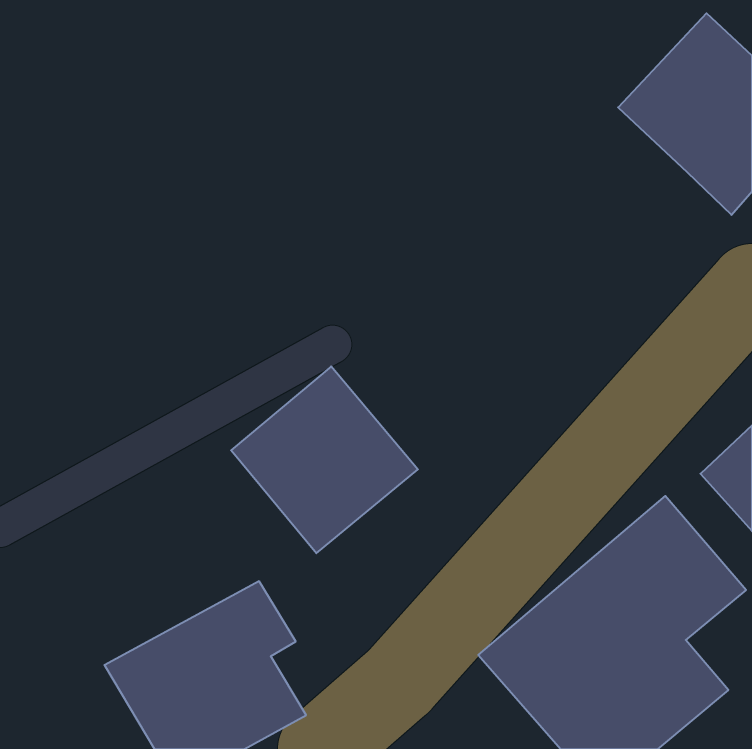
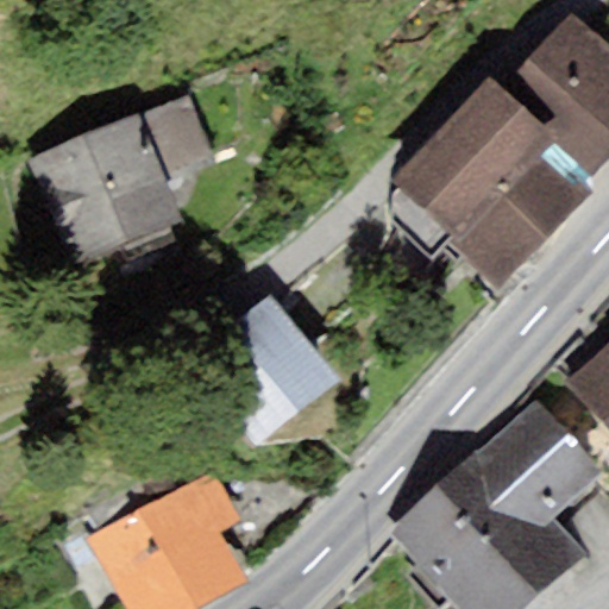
building: none -> [389,76,585,285]
building: none -> [31,96,214,264]

